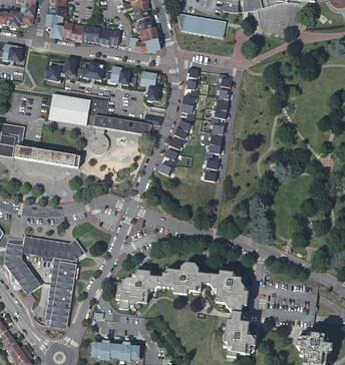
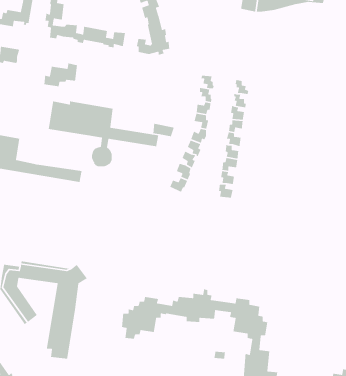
building: [182,14,226,38] -> none
building: [78,61,136,83] -> none
building: [140,70,161,99] -> none

